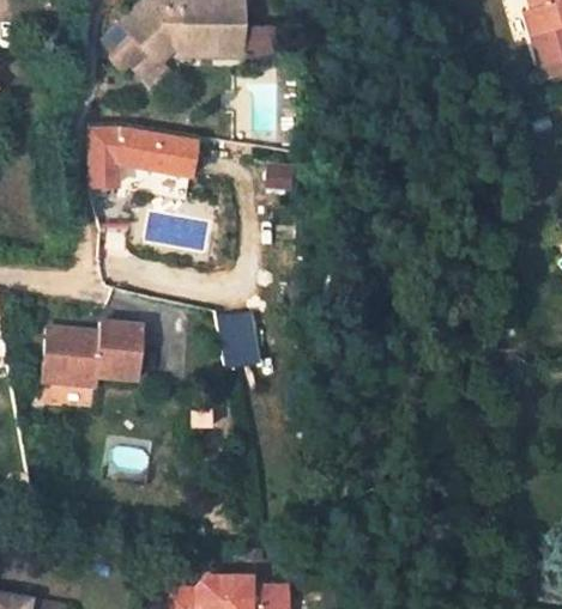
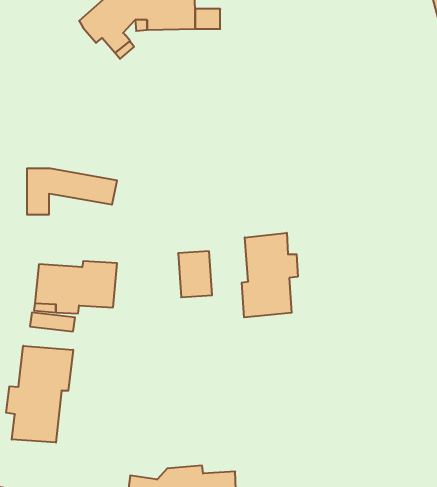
building: [90,129,198,184] -> [27,168,117,215]
building: none -> [242,233,298,317]
building: none -> [6,346,73,443]

